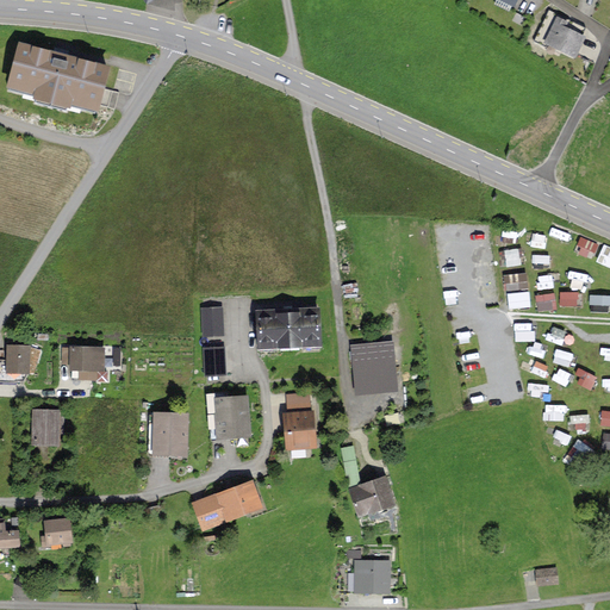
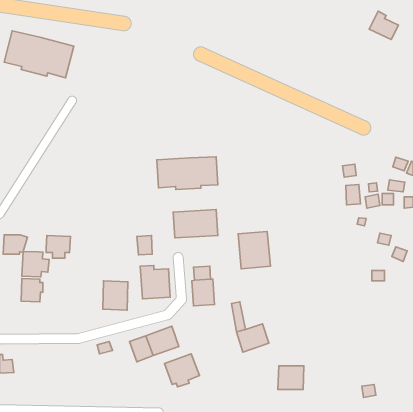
building: none -> [157,157,218,190]
building: [200,307,222,337] -> none
building: none -> [22,251,49,277]
building: [39,518,71,546] -> none
building: none -> [164,354,199,387]
building: [353,560,391,595] -> [278,366,304,389]

